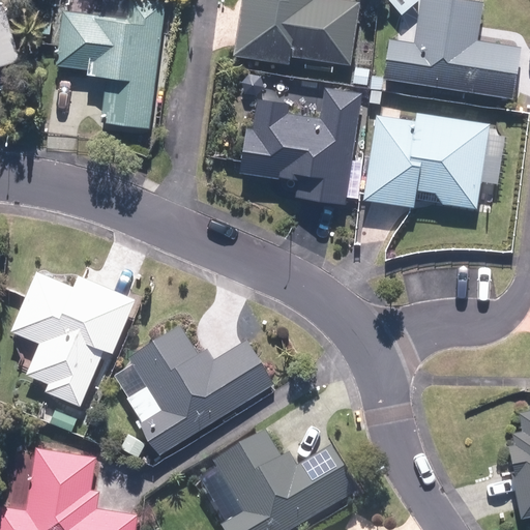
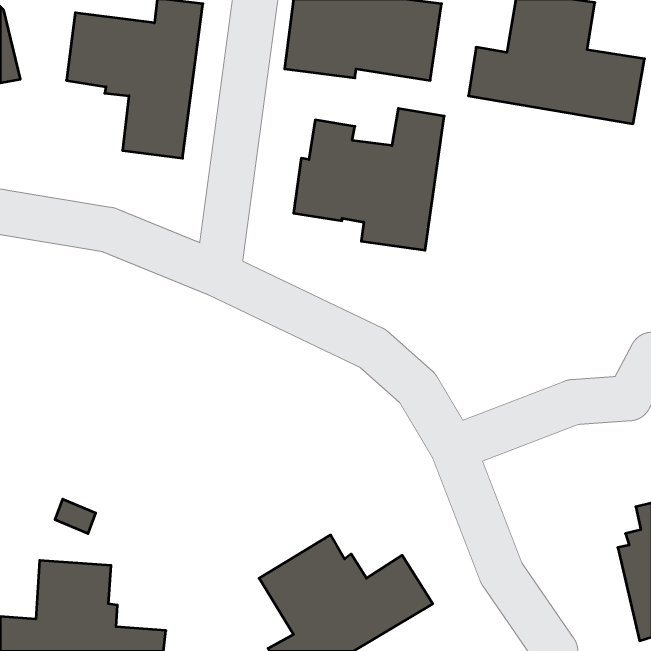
building: [362,112,490,209] -> none
building: [11,267,135,408] -> none
building: [112,325,268,454] -> none

